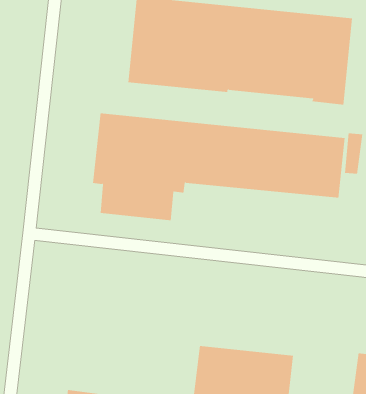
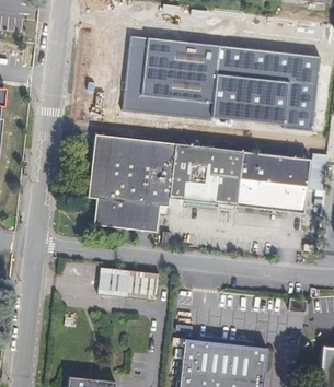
building: none -> [99,268,159,300]

